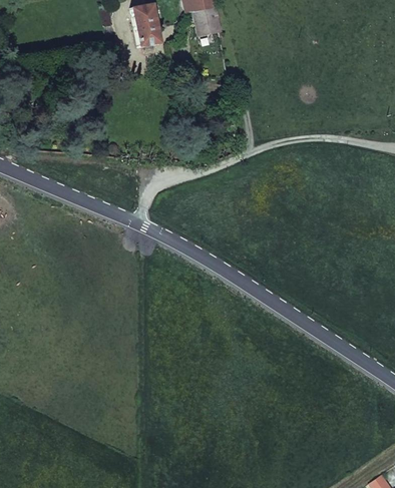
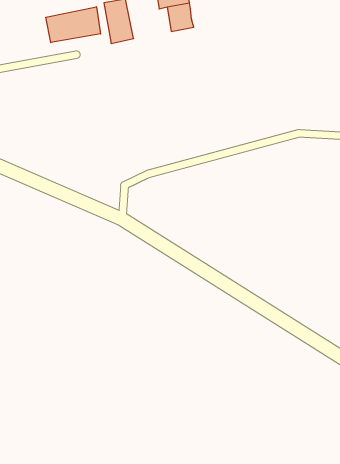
building: none -> [46,7,101,43]

